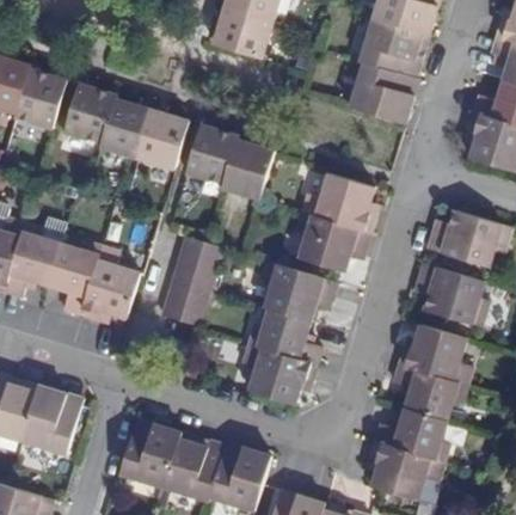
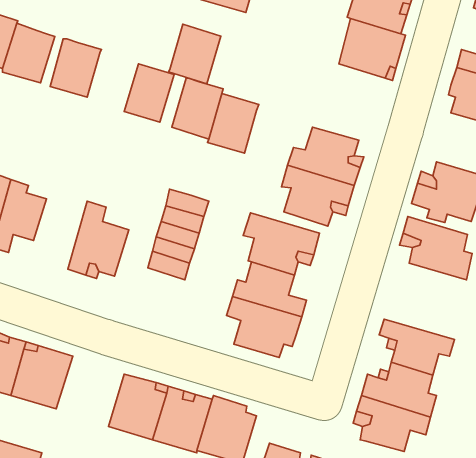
building: [100,97,153,157] -> [169,24,221,84]
building: [48,241,102,314] -> none
building: [399,323,475,385] -> none

